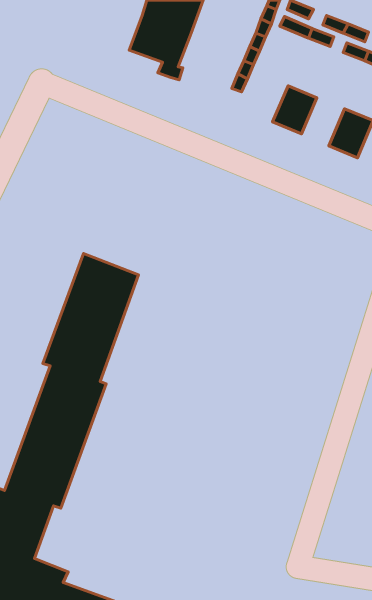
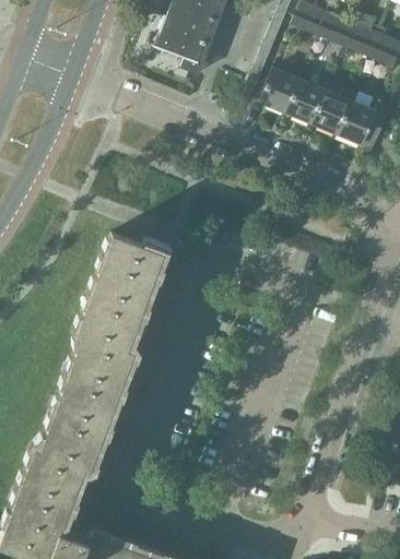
building: none -> [261,69,301,112]
building: none -> [313,91,352,134]

